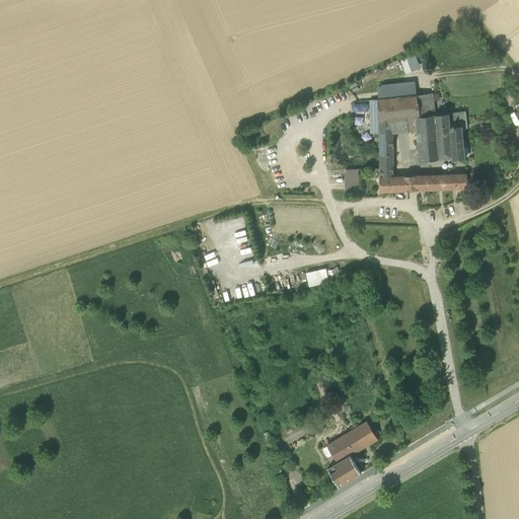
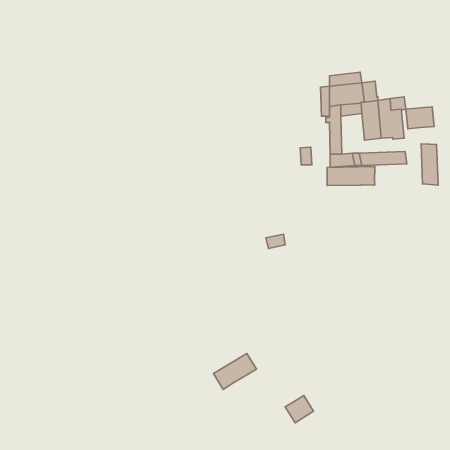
building: none -> [406,107,434,129]
building: none -> [421,144,438,185]
building: none -> [327,167,375,186]
building: [327,421,377,462] -> [213,353,257,389]

